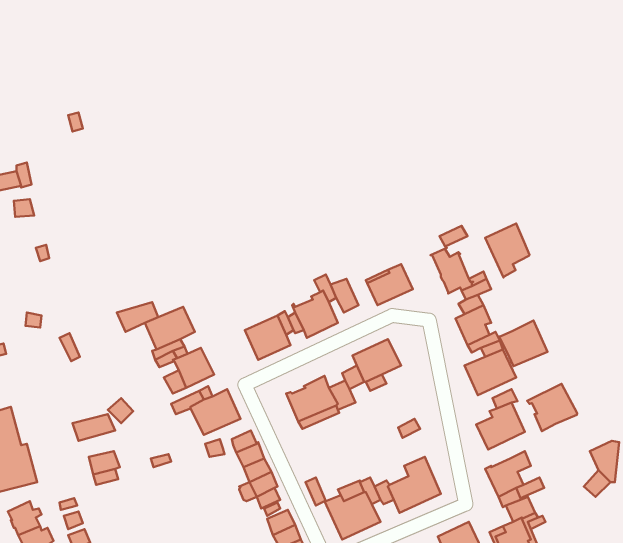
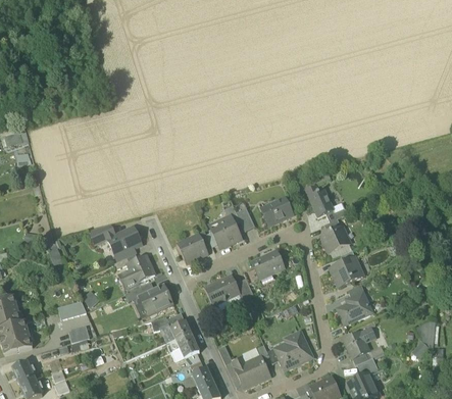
building: [485,224,530,277] -> none
building: [498,321,547,366] -> none
building: [527,384,577,431] -> none

